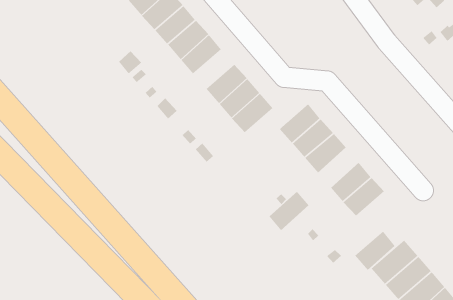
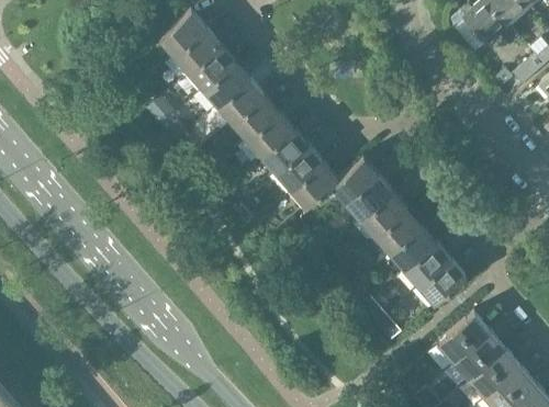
building: none -> [232,95,279,140]
building: none -> [291,162,338,207]
building: [268,191,310,231] -> [374,207,422,253]
building: [354,231,395,271] -> [418,258,466,304]

